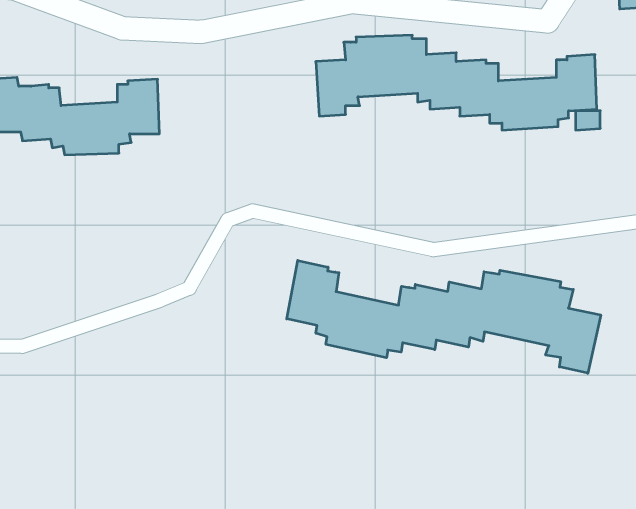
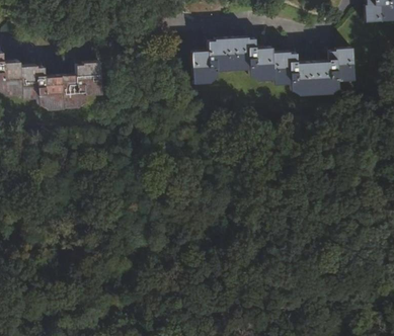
building: [287,260,601,373] -> none

